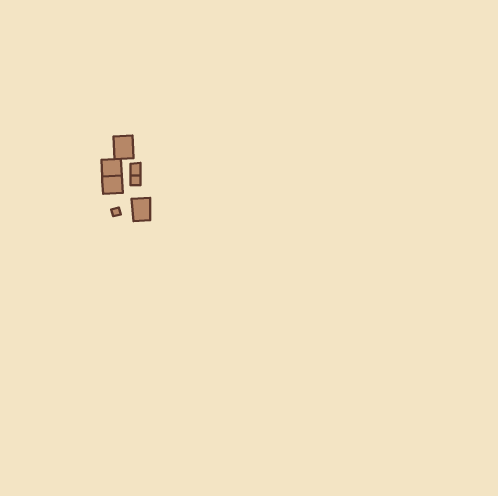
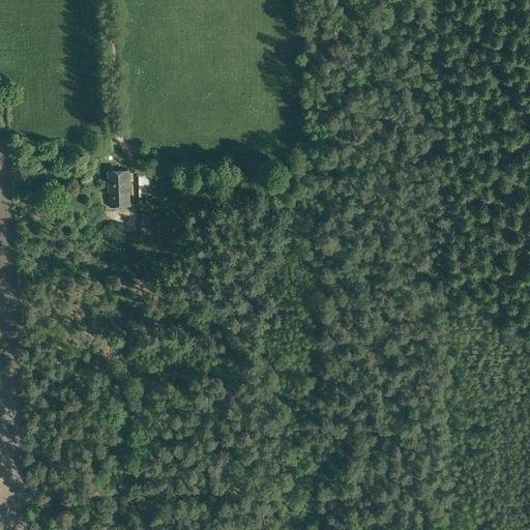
building: [114,136,133,159] -> none

